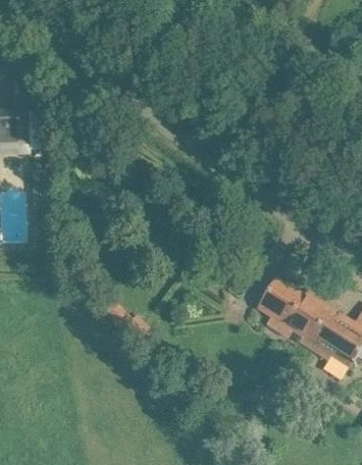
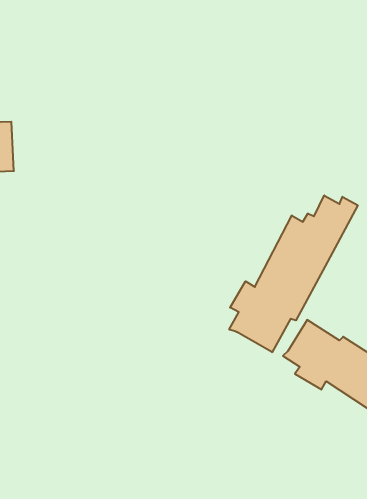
building: none -> [229,195,358,352]

